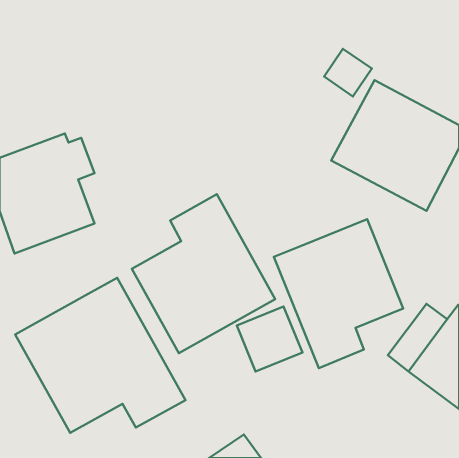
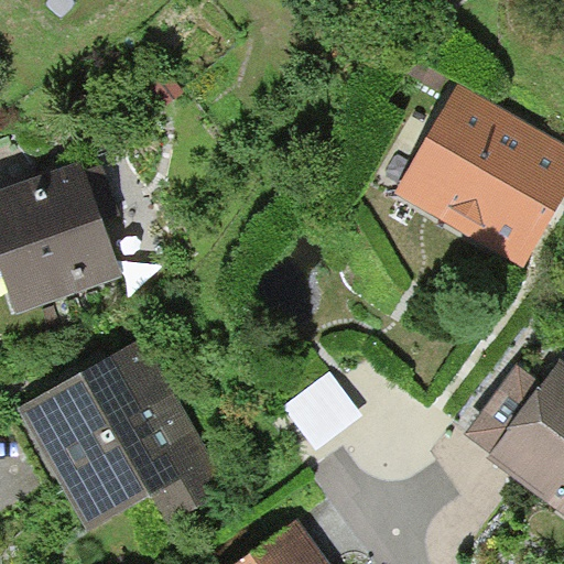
building: [132,194,275,353] -> none
building: [274,219,403,368] -> none

